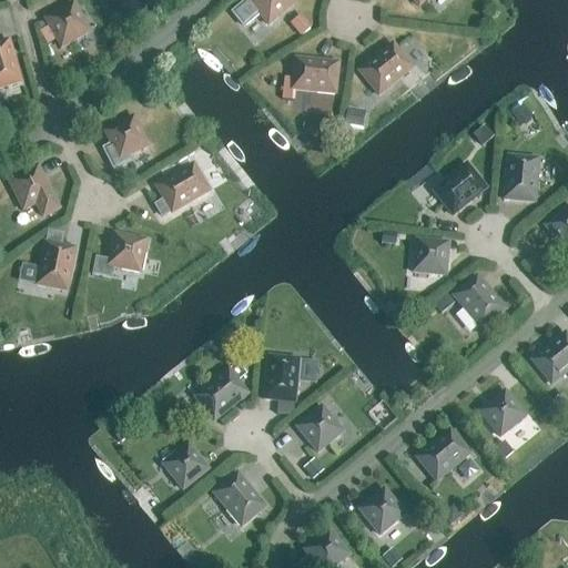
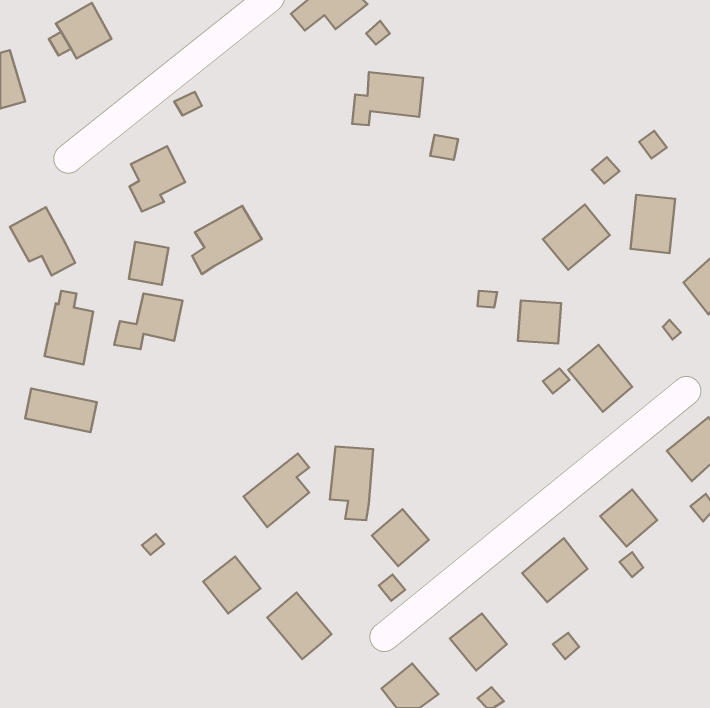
building: [359,43,413,94] -> none
building: none -> [129,242,169,285]
building: none -> [25,389,97,432]

